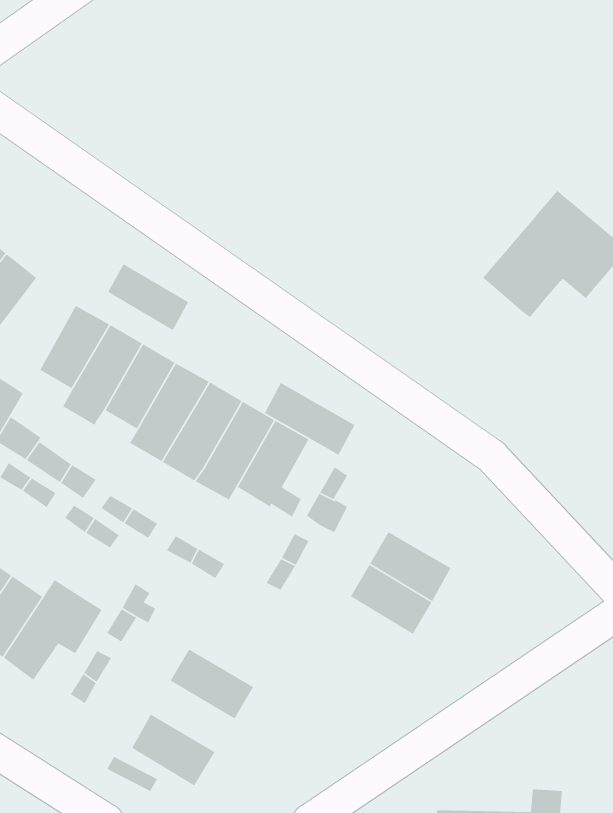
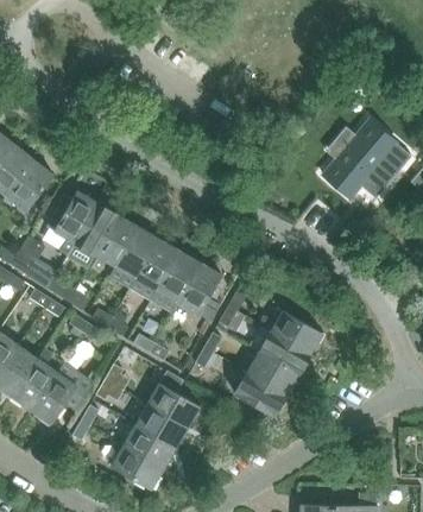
building: [107,263,189,331] -> none
building: [264,382,355,456] -> none
building: none -> [270,310,322,354]
building: none -> [234,372,285,417]
building: none -> [146,383,198,428]
building: none -> [122,424,175,468]

